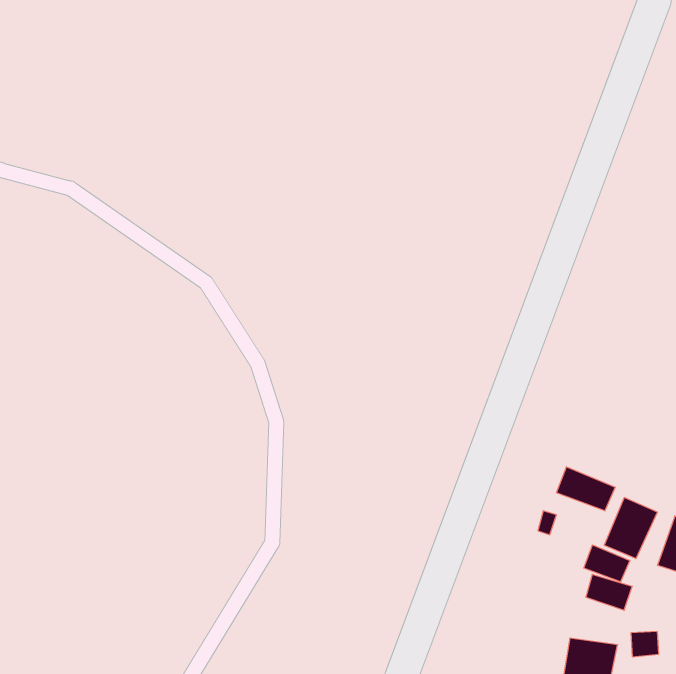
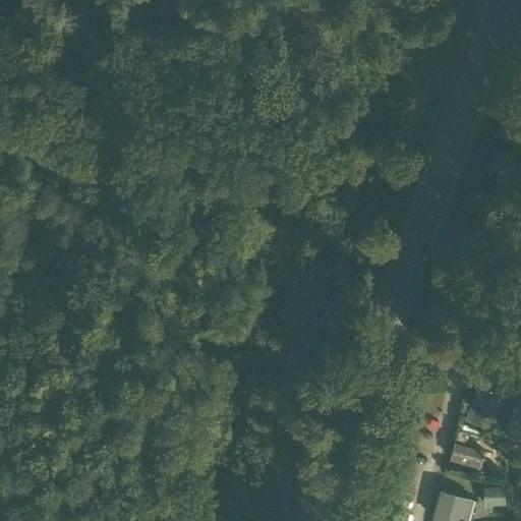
building: [557,467,615,511] -> none
building: [584,545,630,582] -> none

